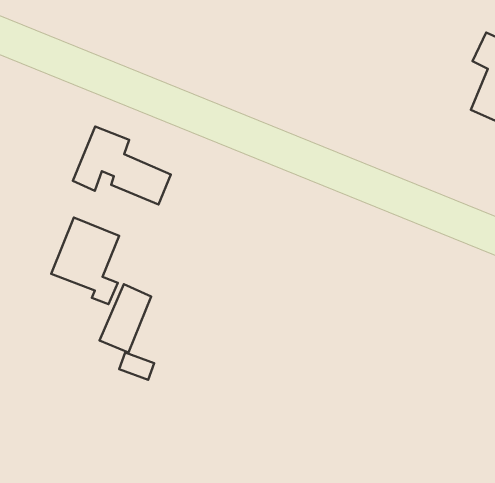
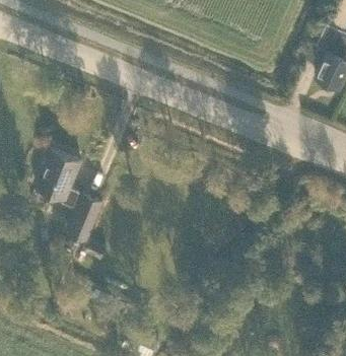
building: [73,127,171,204] -> none

